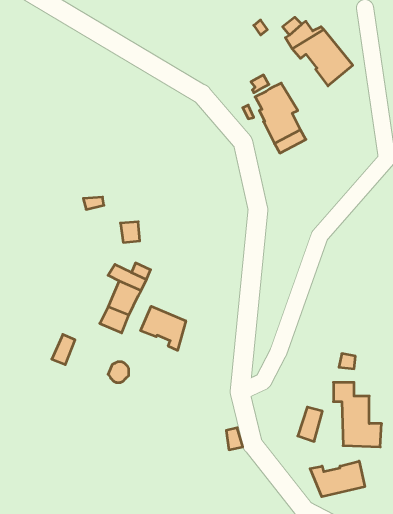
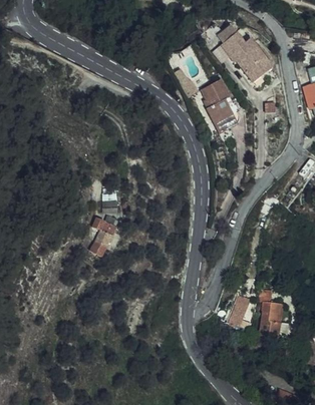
building: [141,306,186,350] -> none
building: [310,461,365,497] -> none

